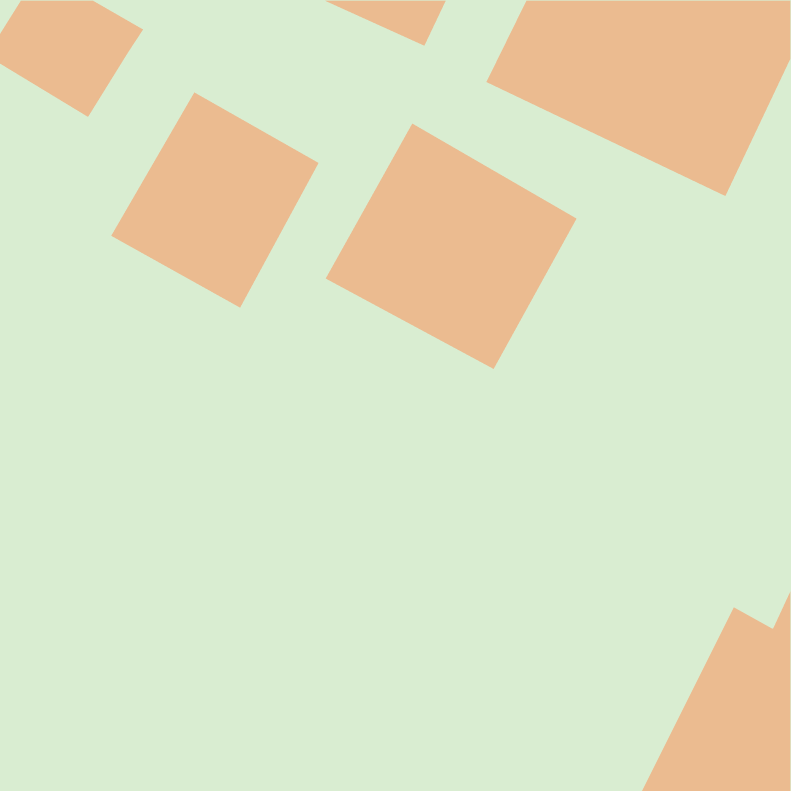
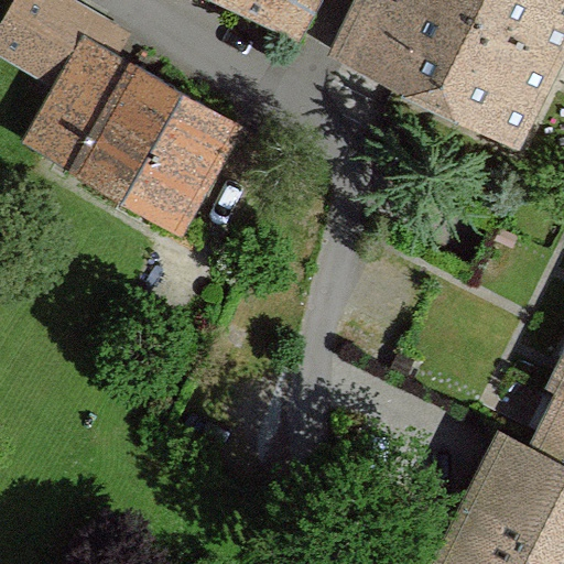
building: none -> [32,39,138,169]
building: [325,123,578,370] -> none

